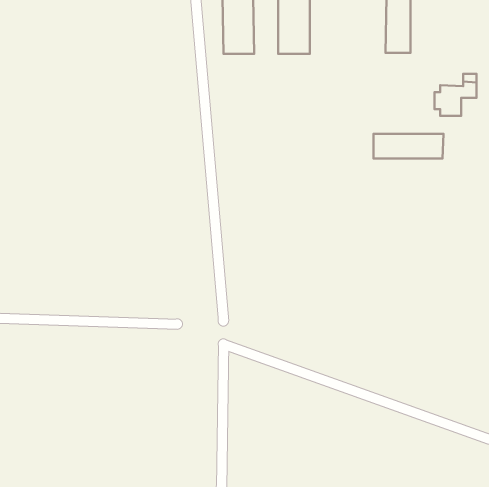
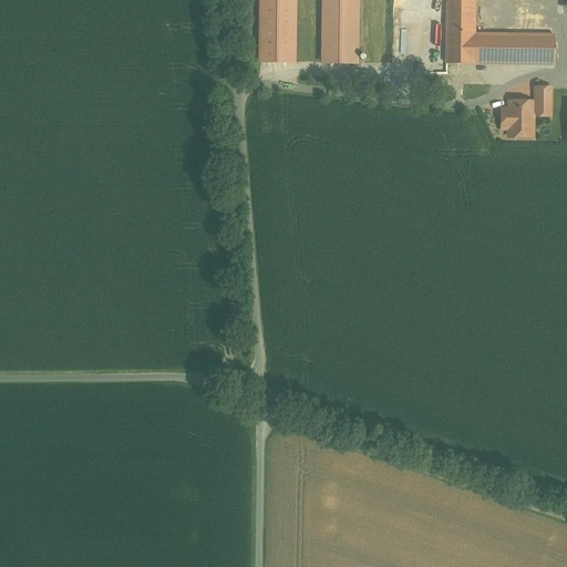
building: [373,134,443,159] -> [474,32,555,61]

